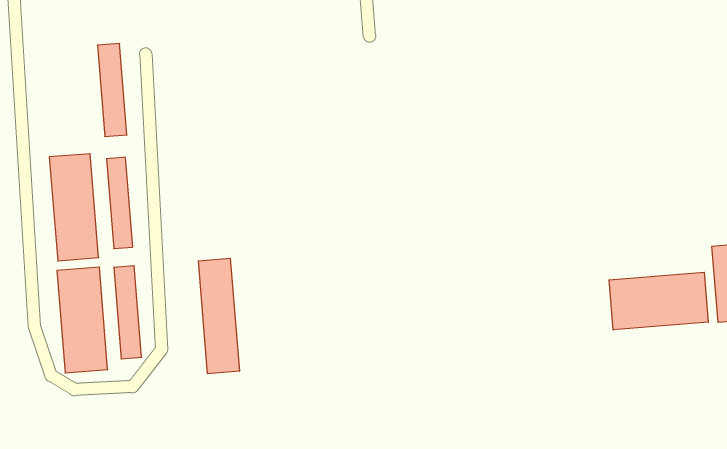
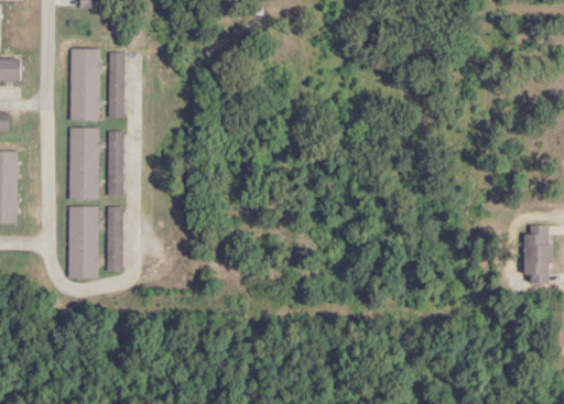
building: none -> [70,50,100,120]
building: [198,258,239,374] -> none
building: [609,272,708,330] -> none

